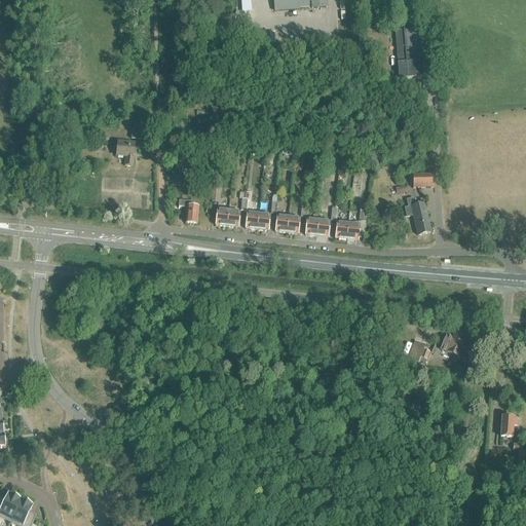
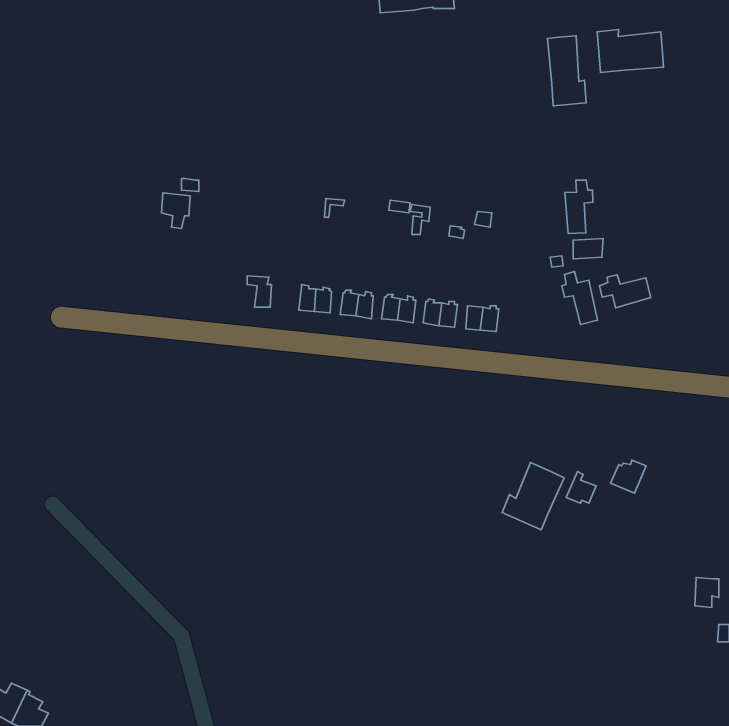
building: none -> [597,29,663,73]
building: none -> [565,180,593,234]
building: none -> [600,275,651,308]
building: none -> [502,462,564,530]

